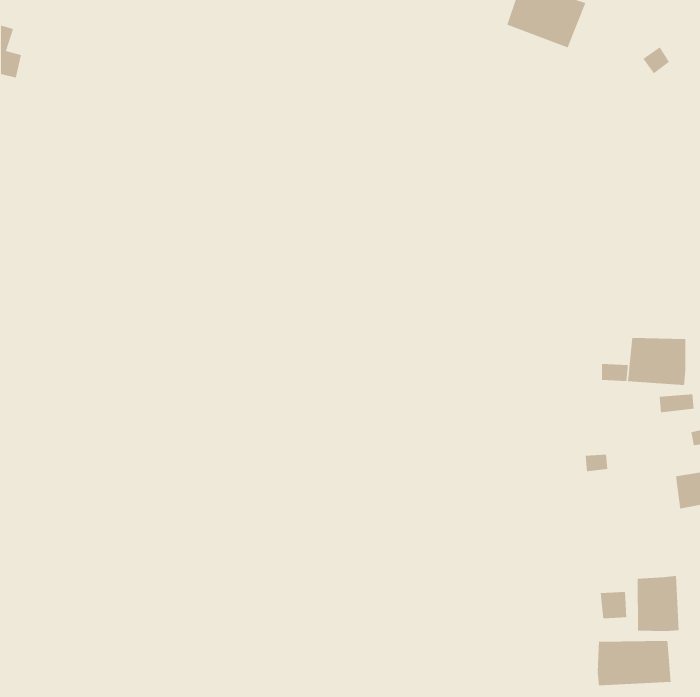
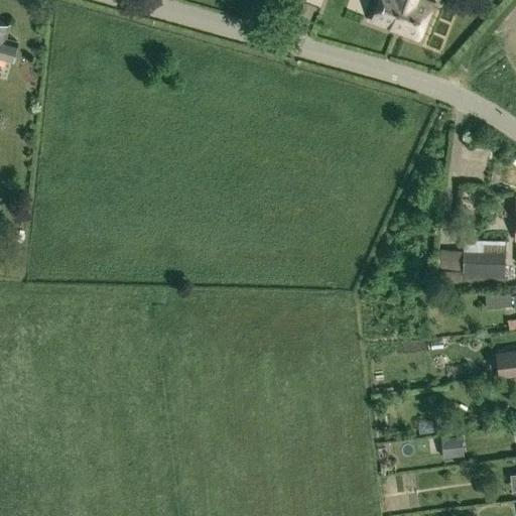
building: [637,575,679,632] -> none
building: [597,640,671,686] -> none

